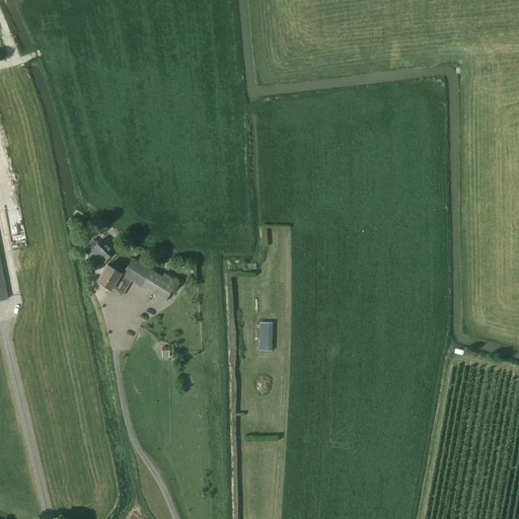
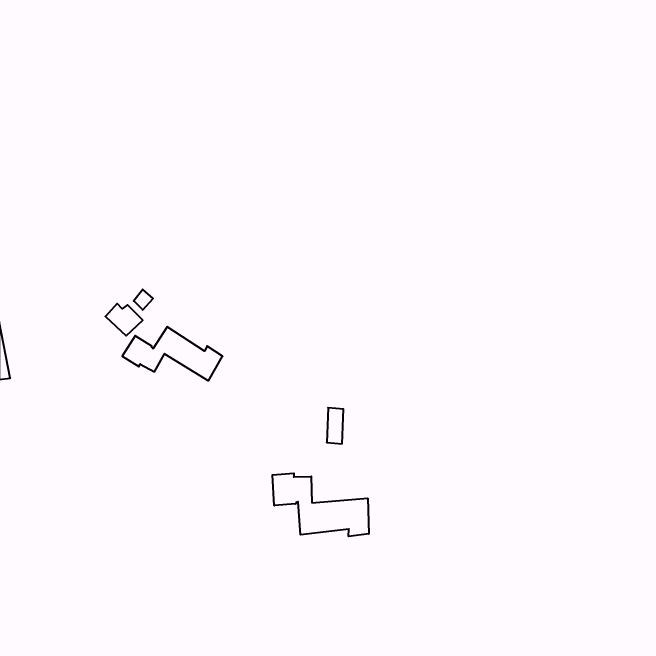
building: none -> [272,473,369,536]

